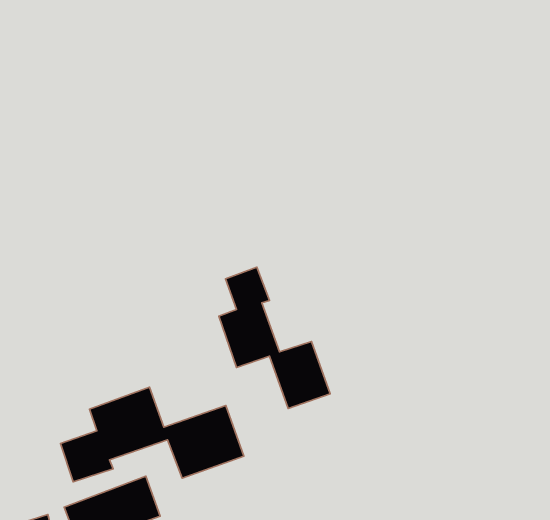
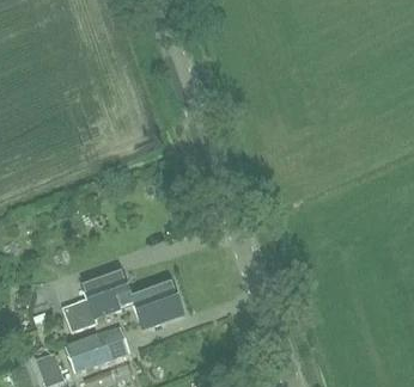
building: [219,267,330,408] -> none

